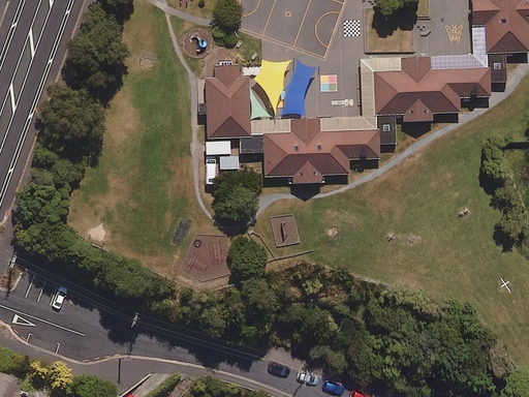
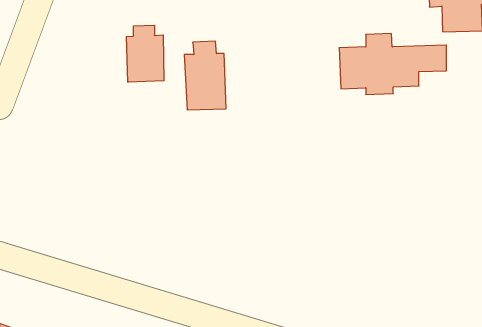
building: none -> [126,25,164,82]
building: [262,118,379,184] -> none

